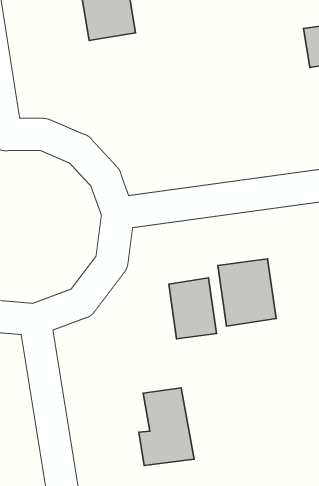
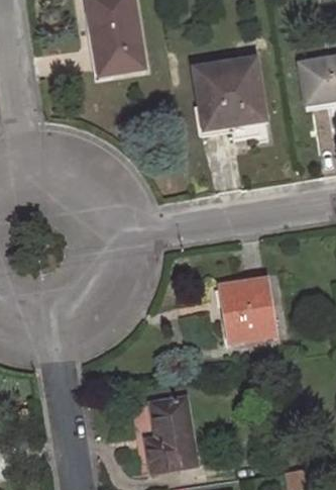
building: none -> [195,59,265,138]
building: [169,278,216,339] -> none

